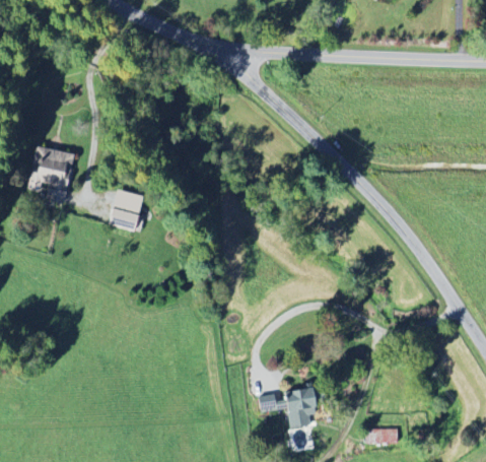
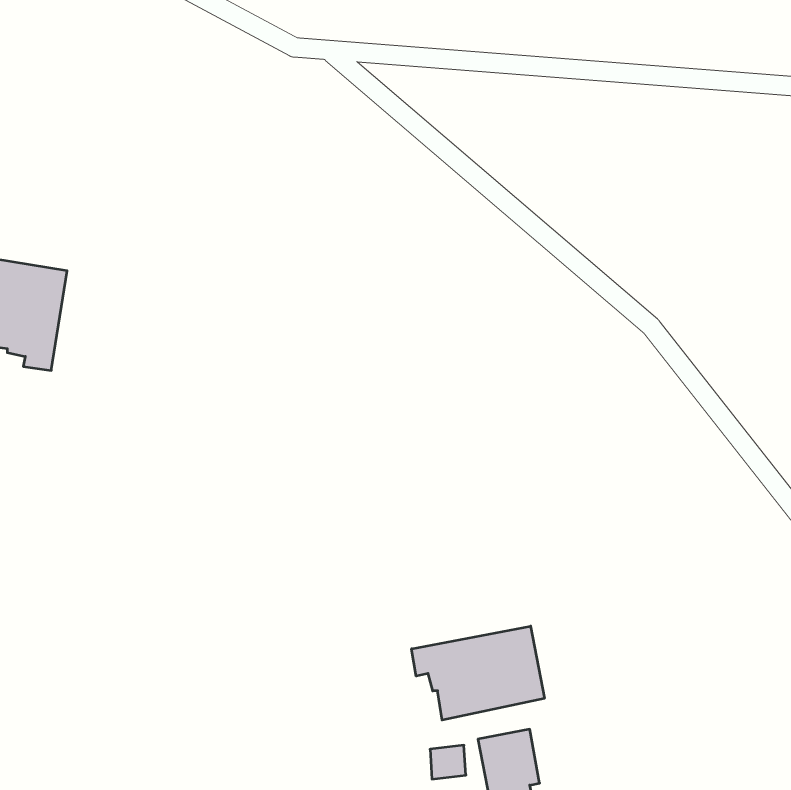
building: [107,189,148,232] -> none
building: none -> [412,626,544,720]

